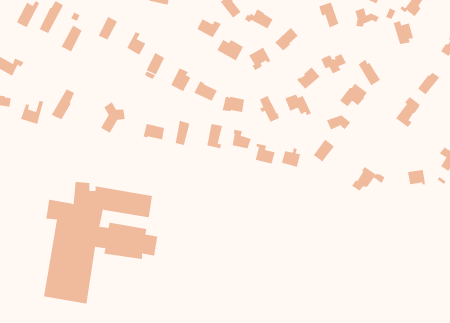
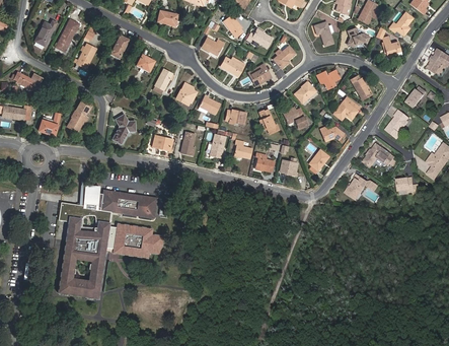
building: none -> [364,143,395,166]

